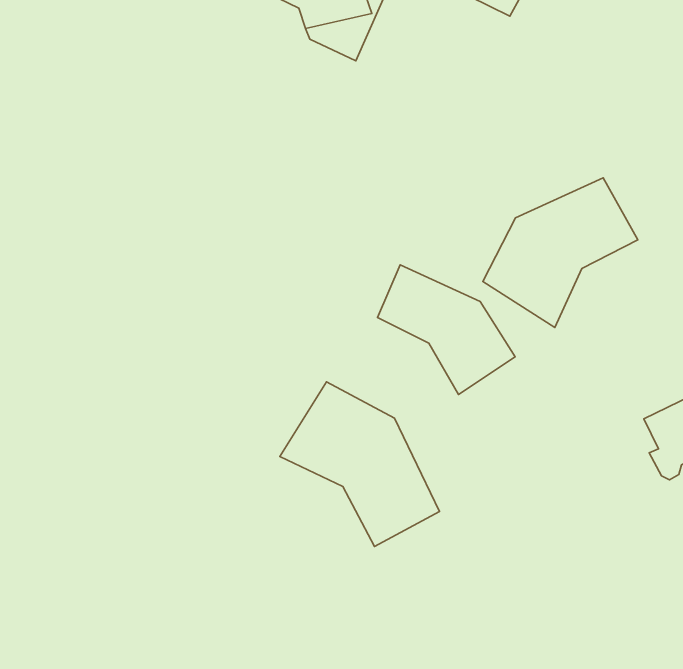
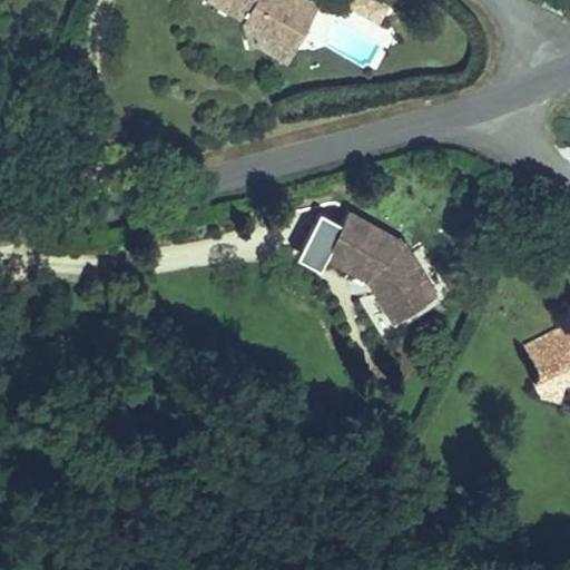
building: [483,178,638,327] -> none
building: [280,382,439,546] -> none

